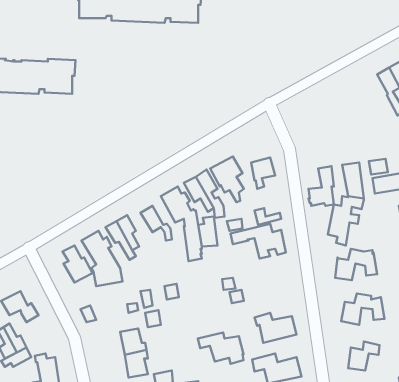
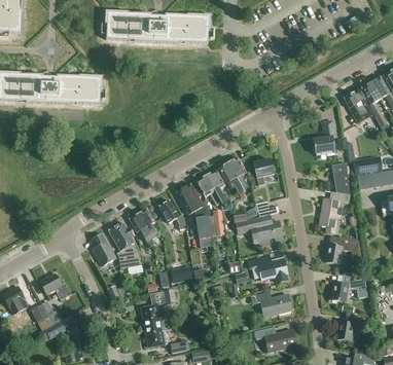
building: none -> [344,88,367,121]
building: [309,166,334,206] -> [313,119,334,153]
building: [198,333,244,364] -> [248,255,287,282]

